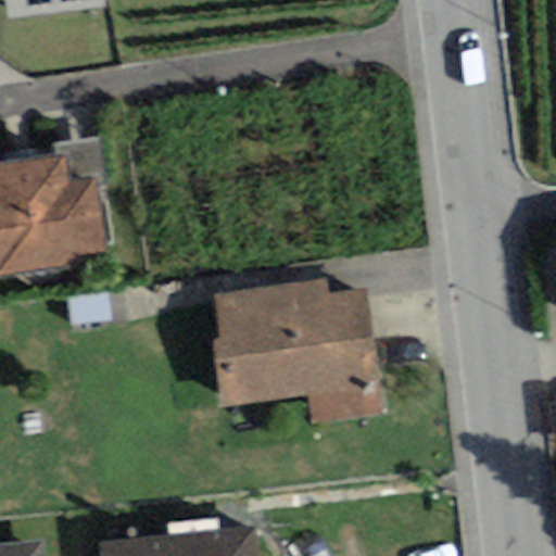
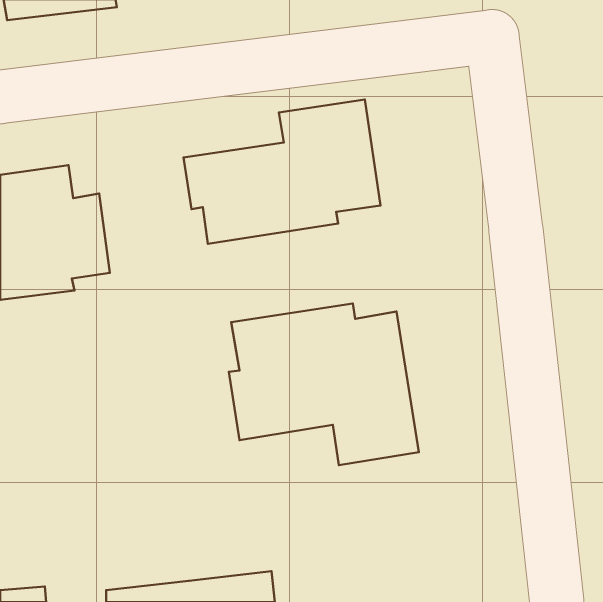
building: none -> [184,99,381,244]

